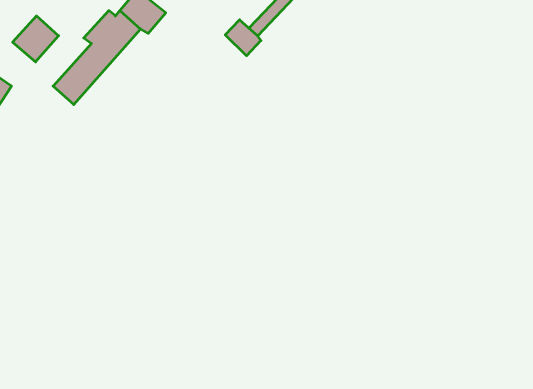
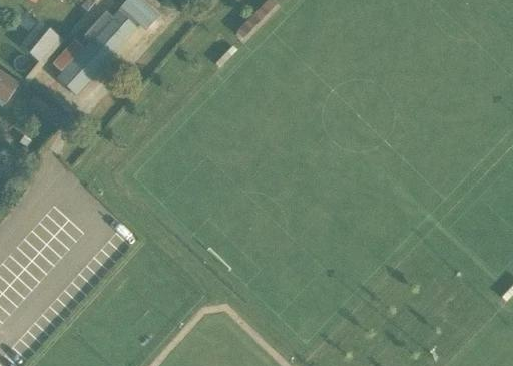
building: [225,20,261,56] -> none

